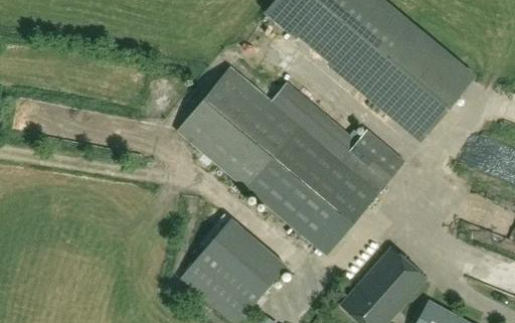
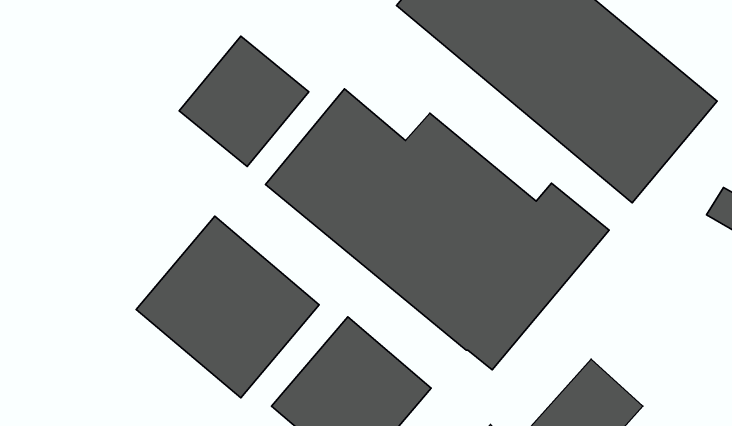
building: none -> [179,36,309,167]
building: none -> [136,216,319,398]

